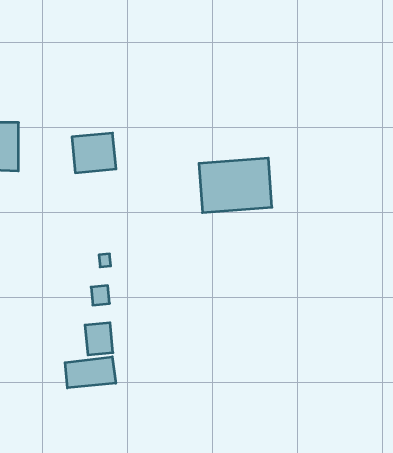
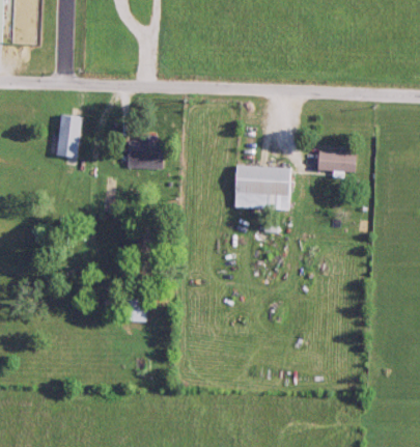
building: none -> [317,150,355,171]
building: [65,357,116,388] -> none

